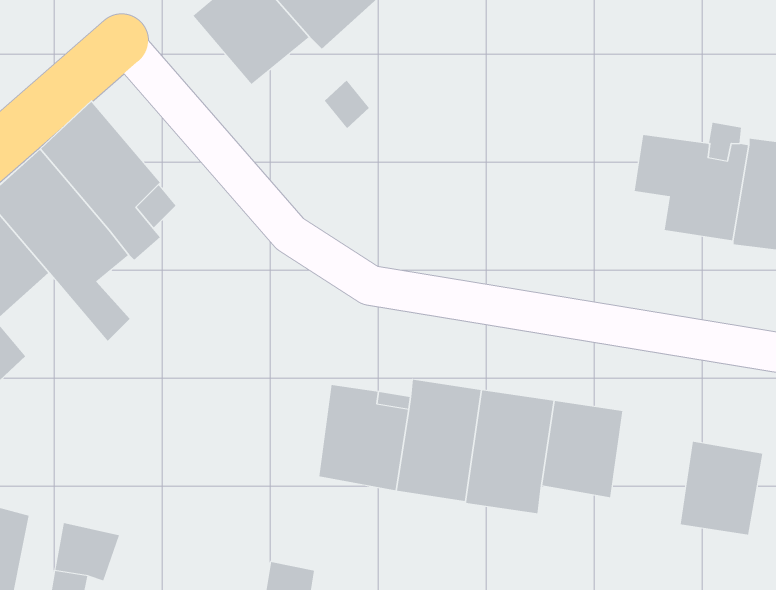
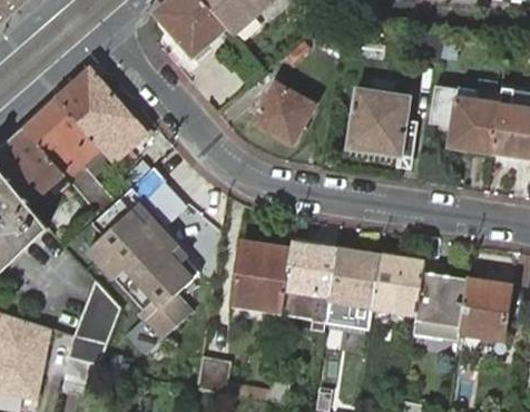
building: none -> [253,82,313,144]
building: none -> [347,90,411,158]
building: none -> [88,216,200,353]
building: none -> [413,261,467,339]
building: none -> [71,282,118,339]

